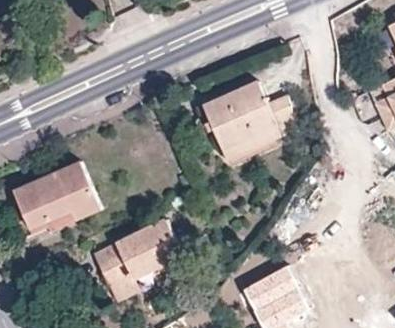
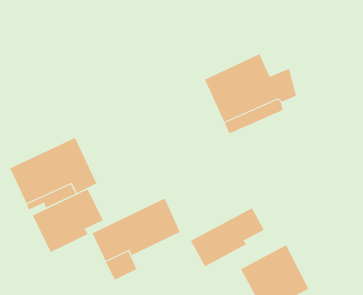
building: none -> [32,188,103,253]
building: none -> [190,207,265,267]

